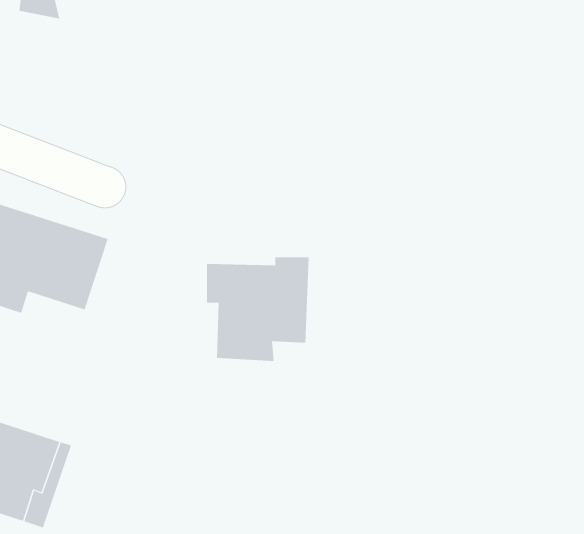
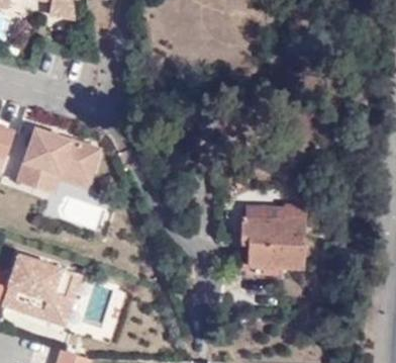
building: [206,257,309,362] -> [242,212,305,276]

